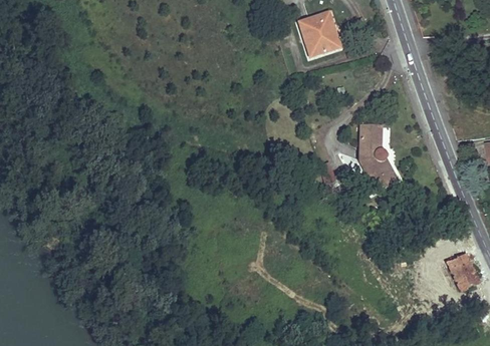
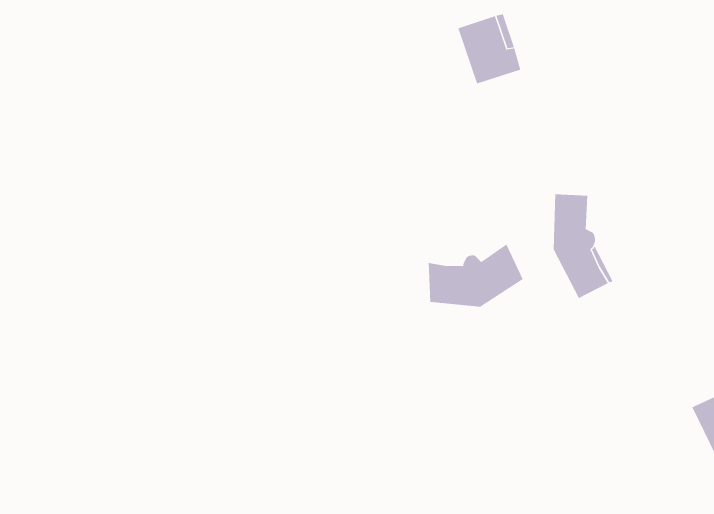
building: none -> [428,244,523,307]

